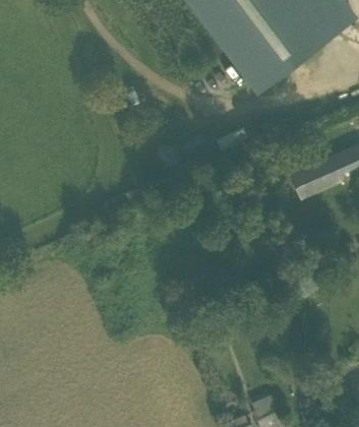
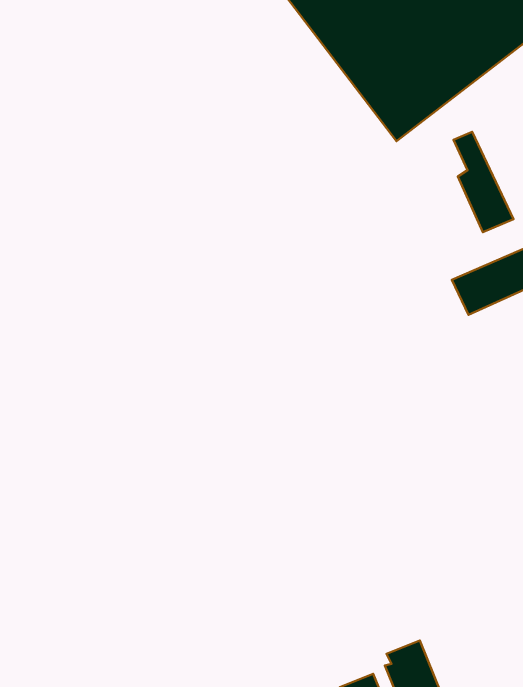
building: none -> [453,132,513,232]

